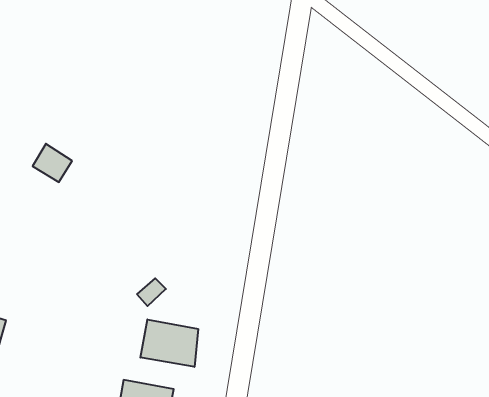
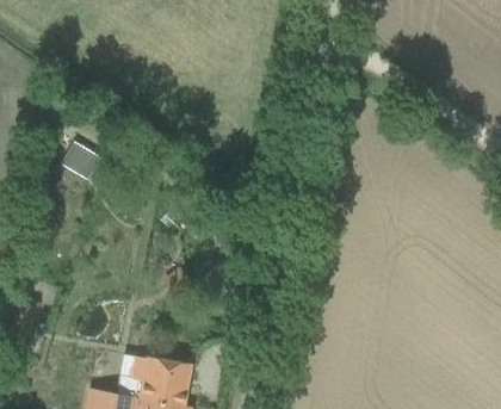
building: [140,319,198,367] -> none

